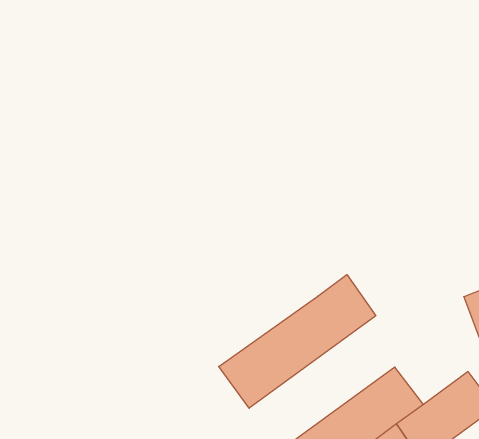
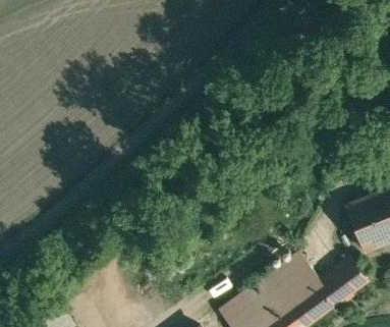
building: [219,275,376,408] -> none

